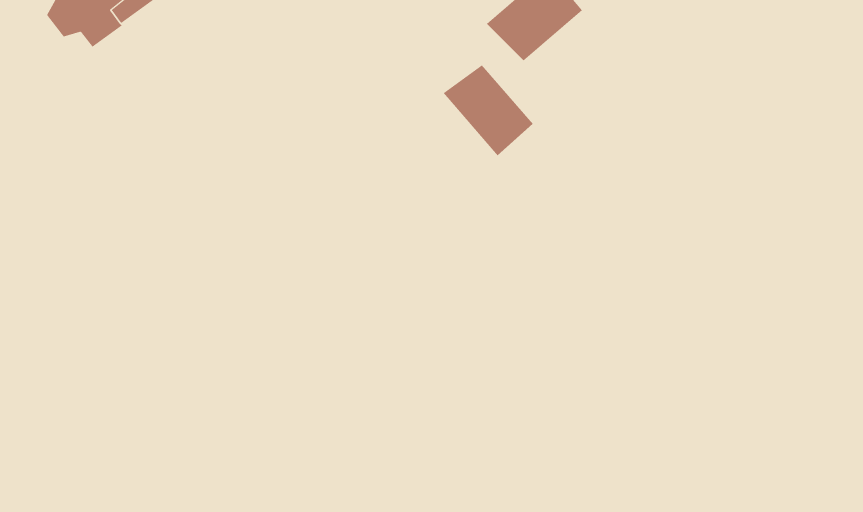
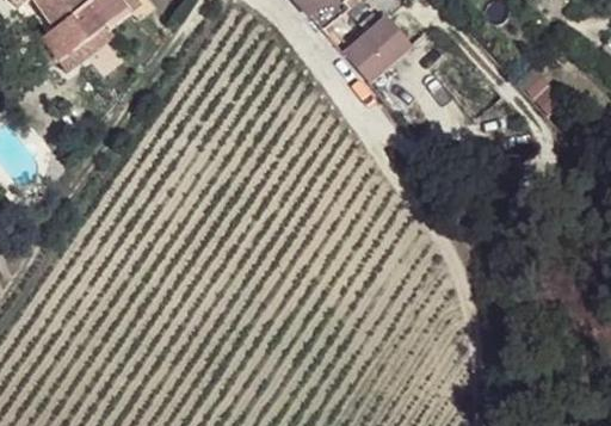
building: [443,64,534,156] -> none

